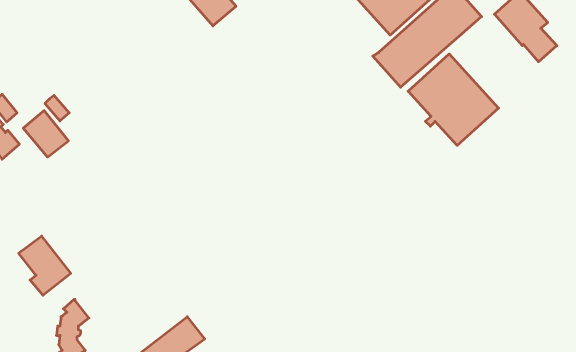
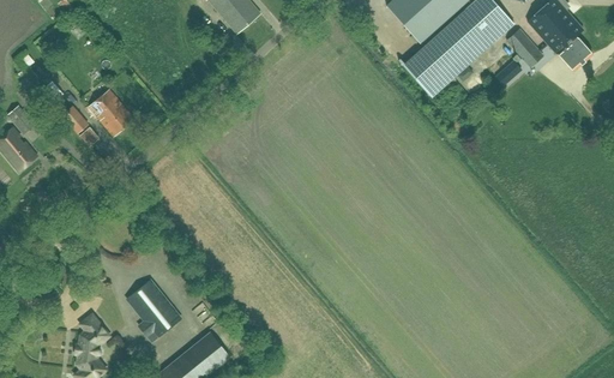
building: none -> [505,28,542,65]
building: [408,54,499,145] -> none
building: [23,111,68,157] -> [88,88,134,136]
building: [19,236,71,295] -> [126,280,180,341]

